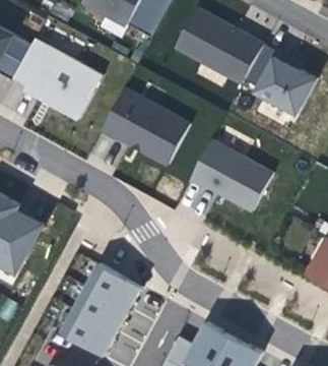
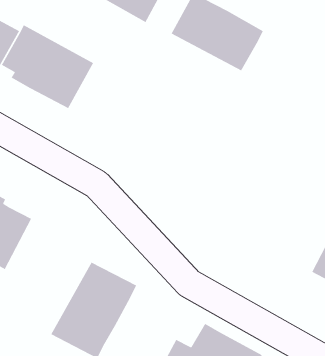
building: [243,45,315,115] -> none
building: [101,88,189,165] -> none
building: [189,140,271,210] -> none

